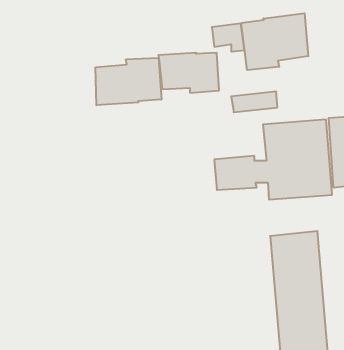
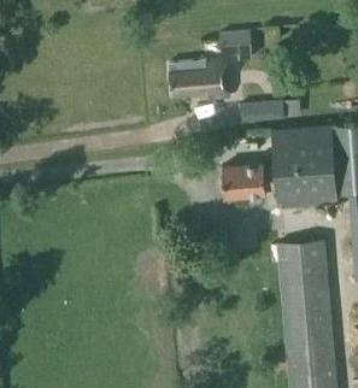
building: [241,13,308,70] -> none
building: [96,58,161,105] -> none

